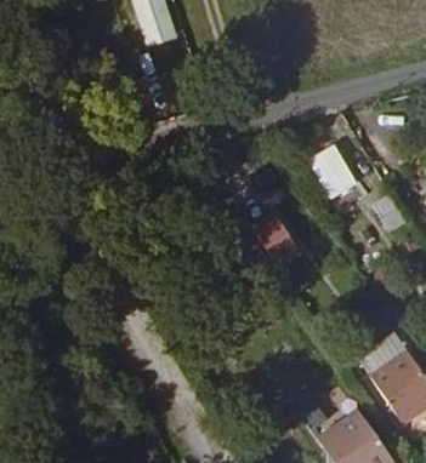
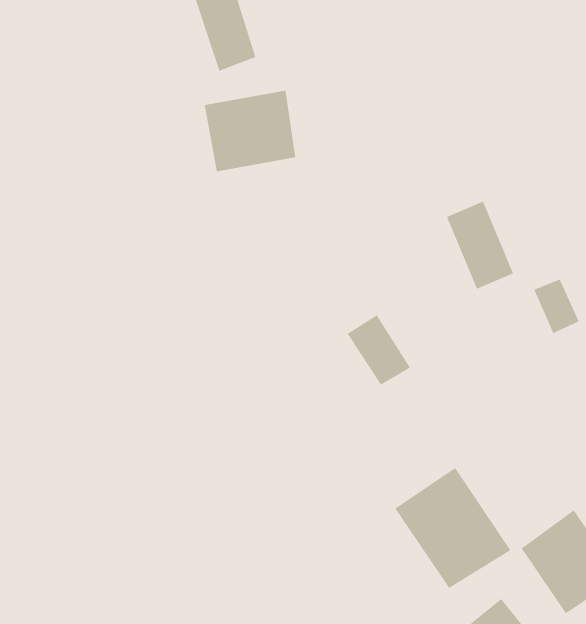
building: none -> [204,90,296,172]
building: none -> [394,467,511,589]

